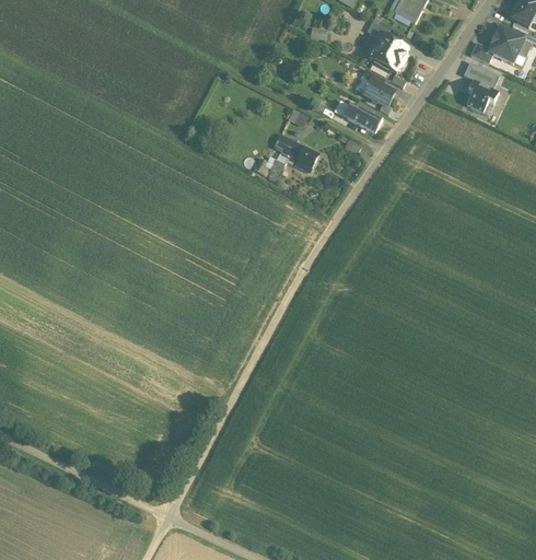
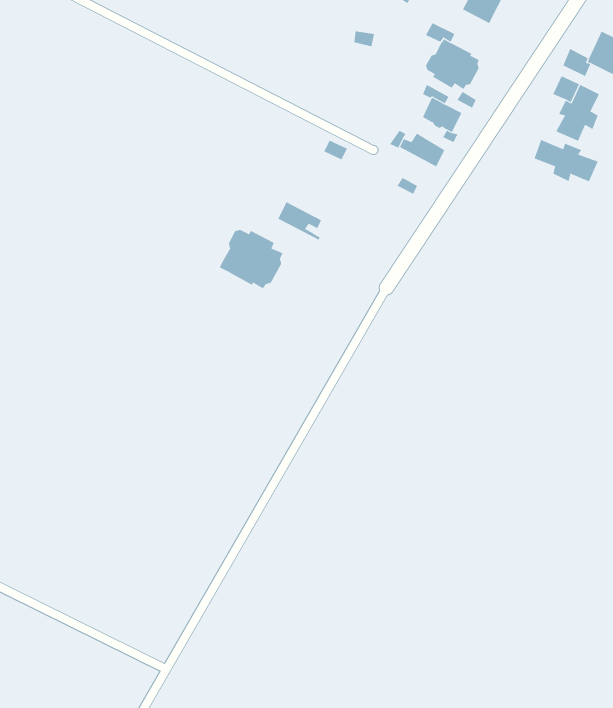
building: none -> [534,139,599,182]
building: [278,138,318,171] -> none
building: none -> [219,229,283,289]

